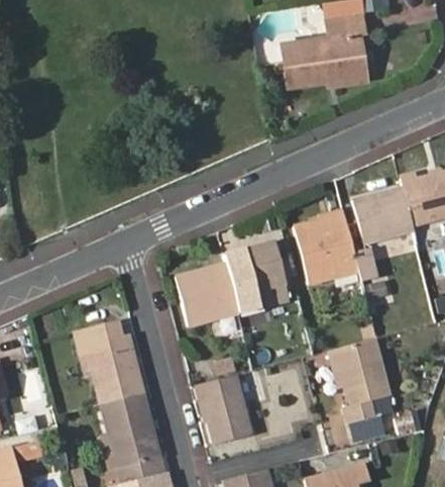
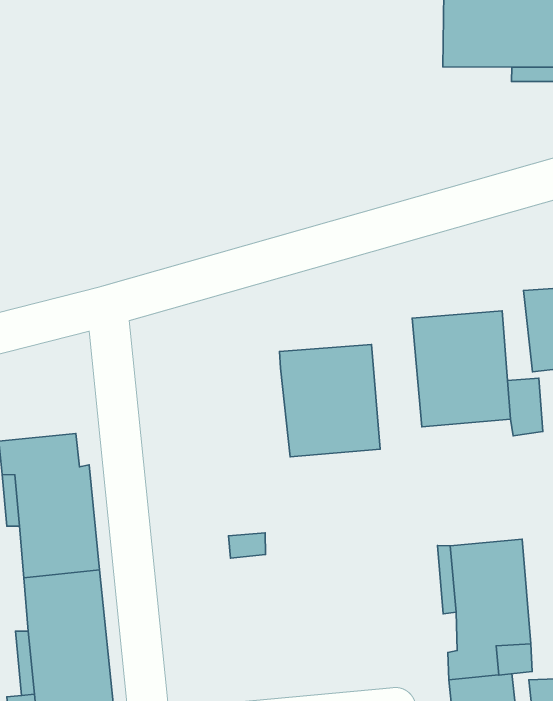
building: [177,266,239,326] -> none
building: [198,375,251,445] -> none

